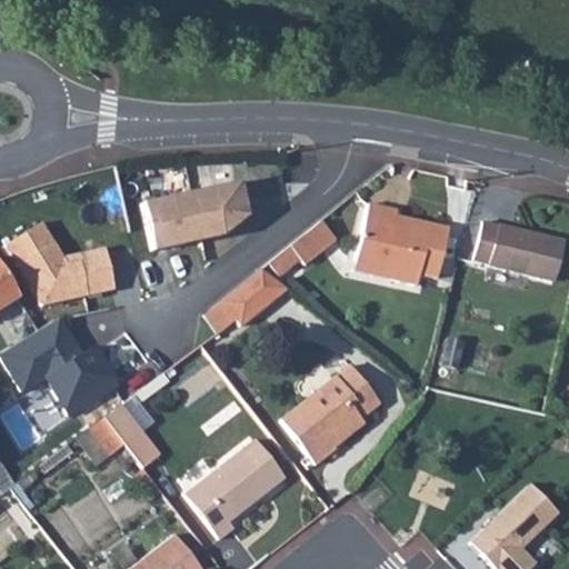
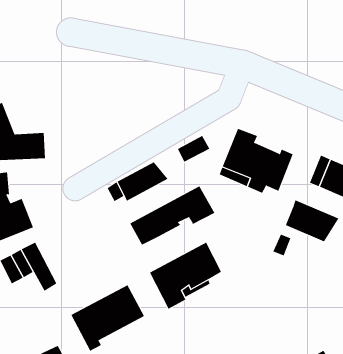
building: [144,181,249,249] -> none
building: none -> [285,200,339,242]
building: none -> [130,186,215,245]

